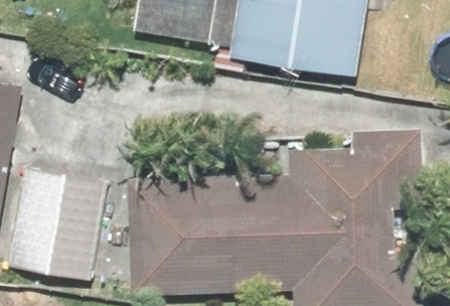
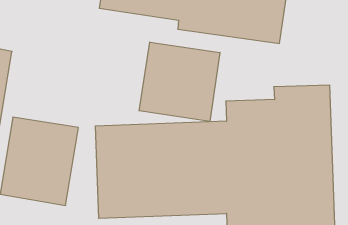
building: none -> [139,42,220,121]

